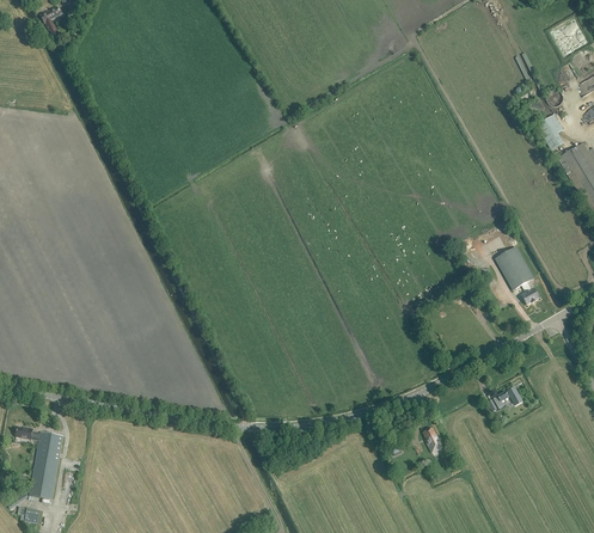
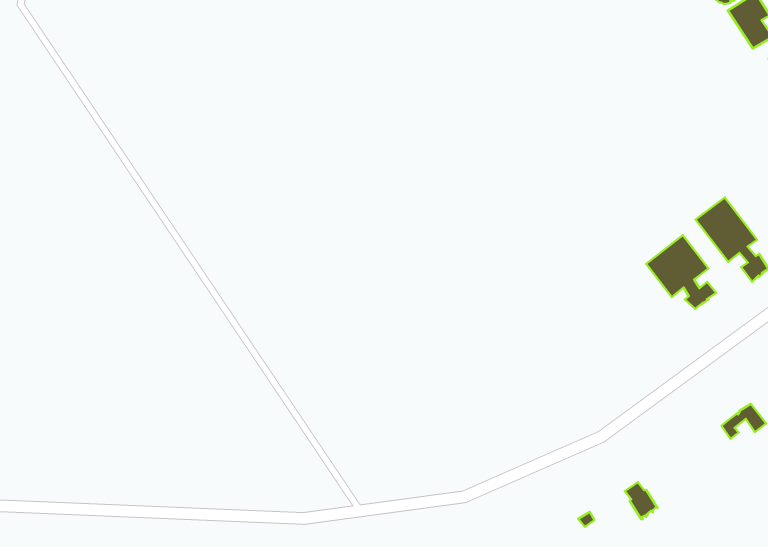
building: none -> [646,235,716,309]

